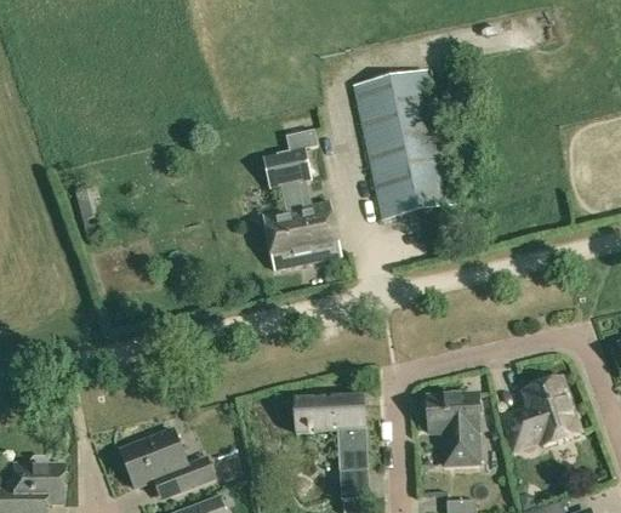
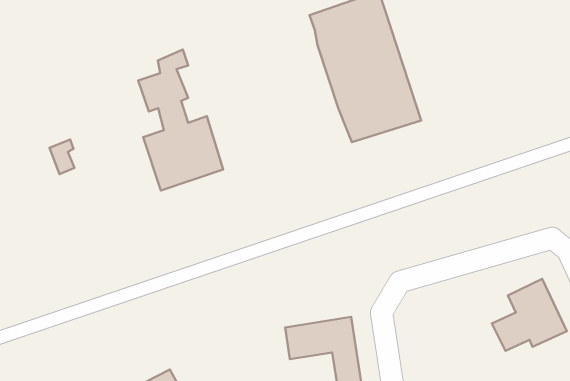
building: [262,129,340,269] -> [138,49,223,190]
building: [428,394,480,464] -> none

